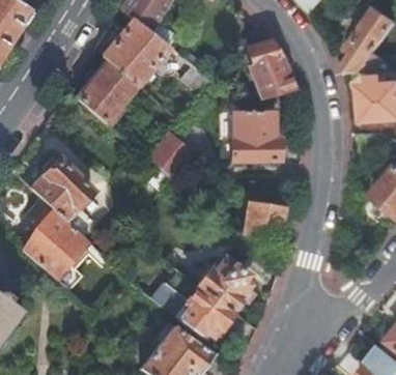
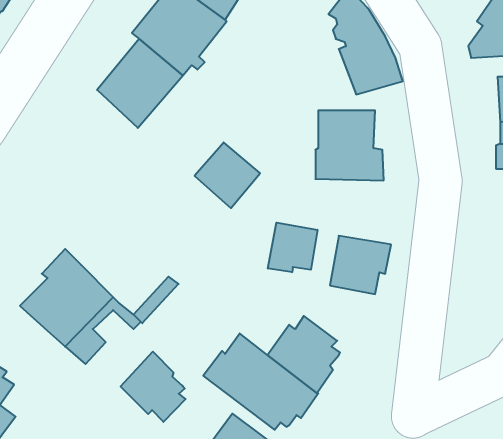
building: [30,155,93,220] -> none
building: none -> [268,223,317,272]
building: none -> [121,352,186,422]

